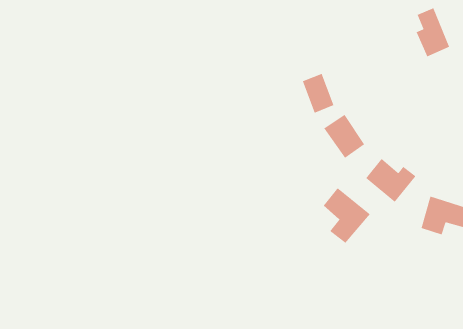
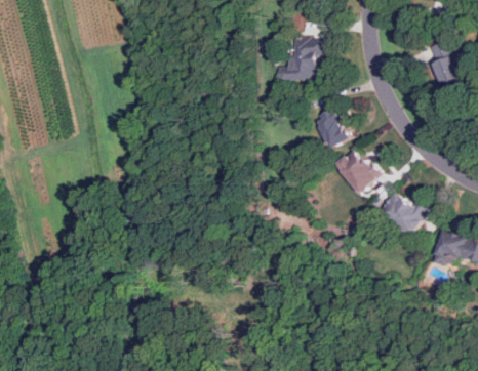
building: none -> [275,37,324,79]
building: [323,187,371,244] -> none

